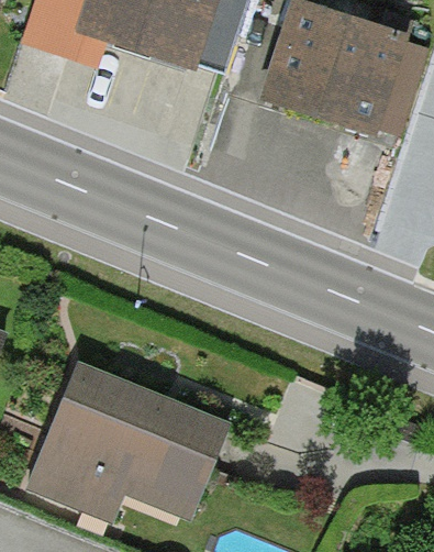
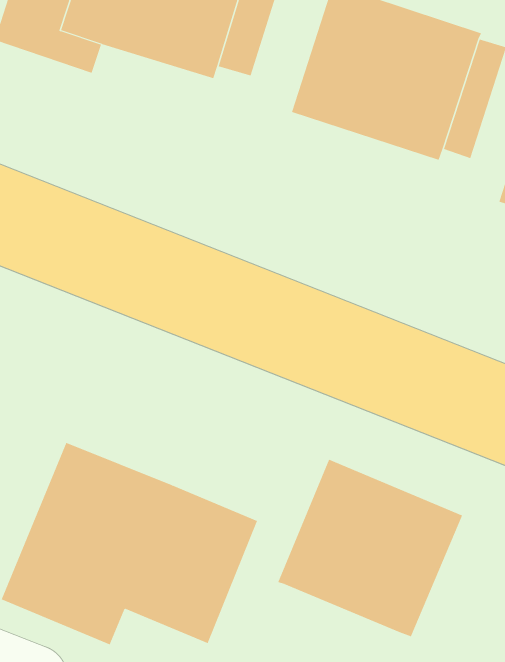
building: none -> [278,459,463,637]

